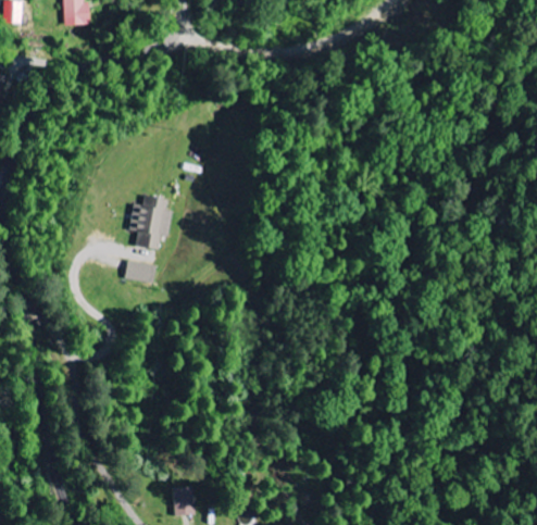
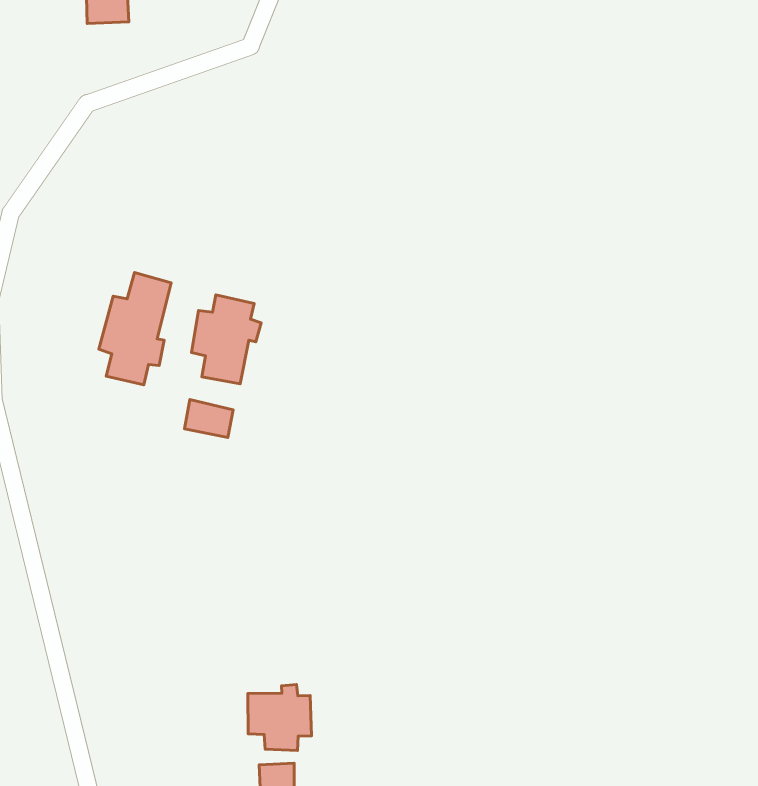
building: none -> [99,272,171,385]
building: none -> [248,684,312,751]

